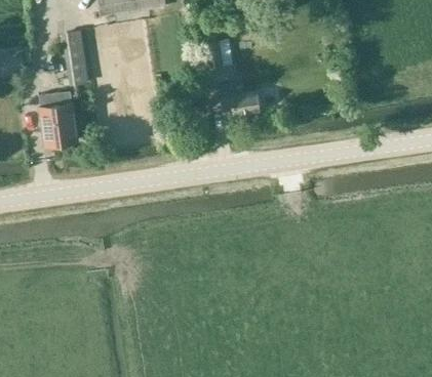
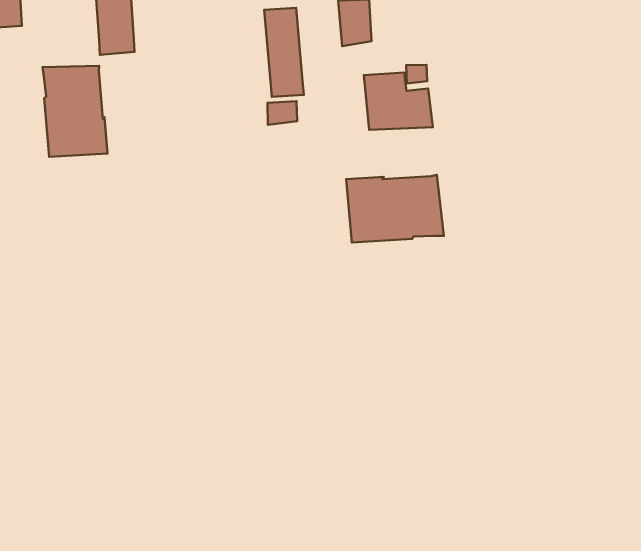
building: none -> [264,8,304,97]
building: none -> [346,175,444,243]

